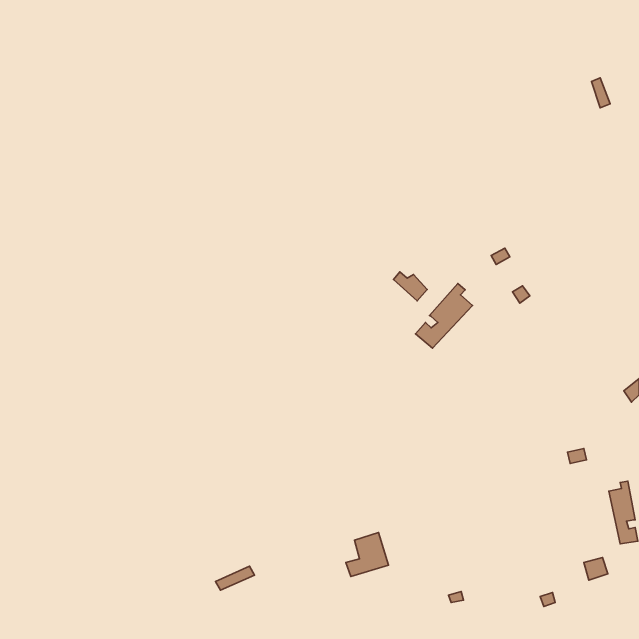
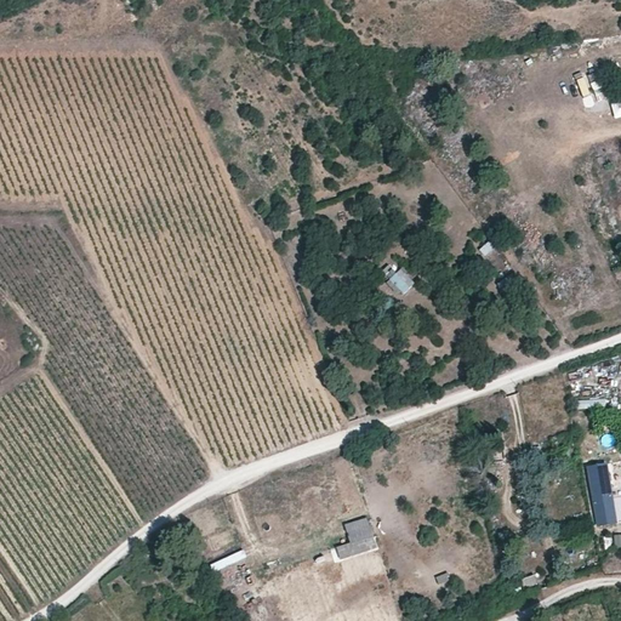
building: [415,284,472,348] -> none

